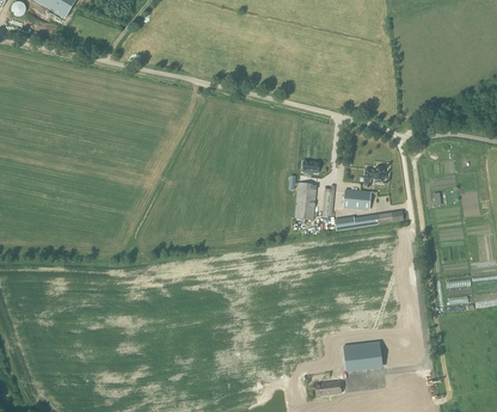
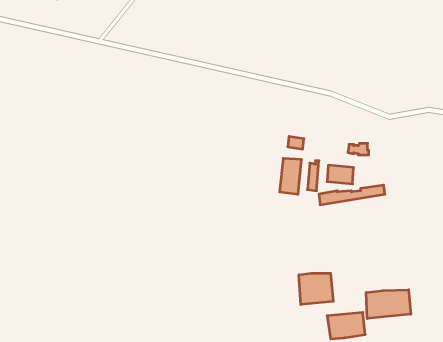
building: none -> [299,273,333,305]
building: none -> [366,290,411,319]

